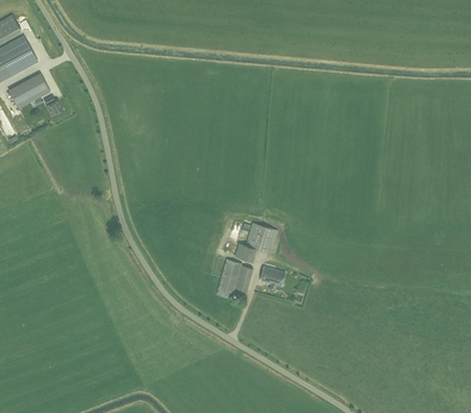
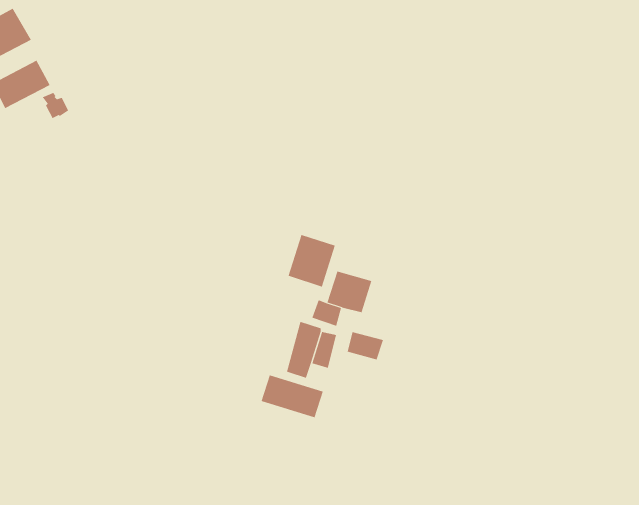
building: none -> [288,234,336,287]
building: none -> [261,375,324,418]

